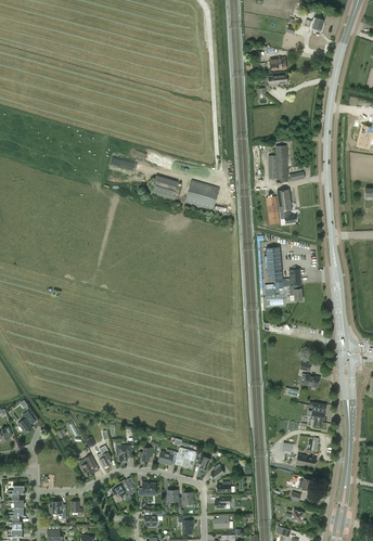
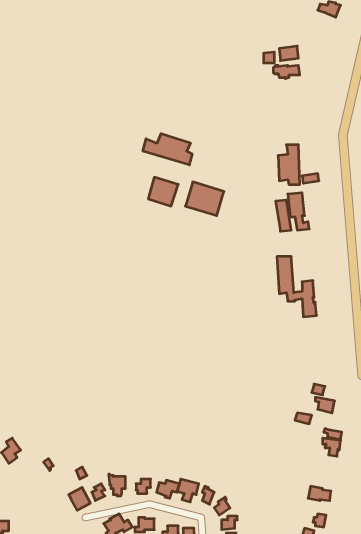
building: none -> [143,134,192,165]

